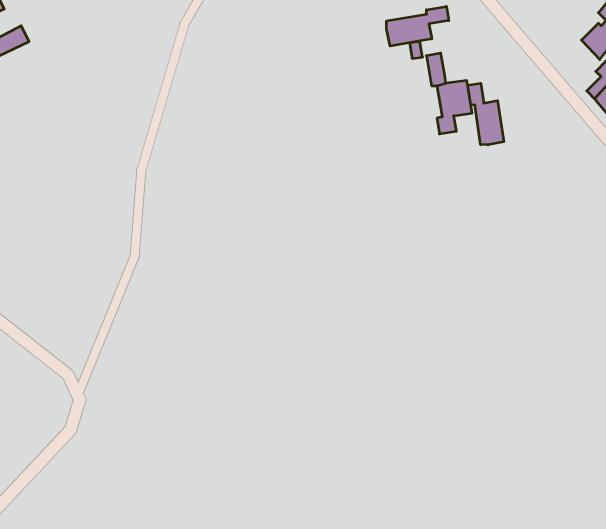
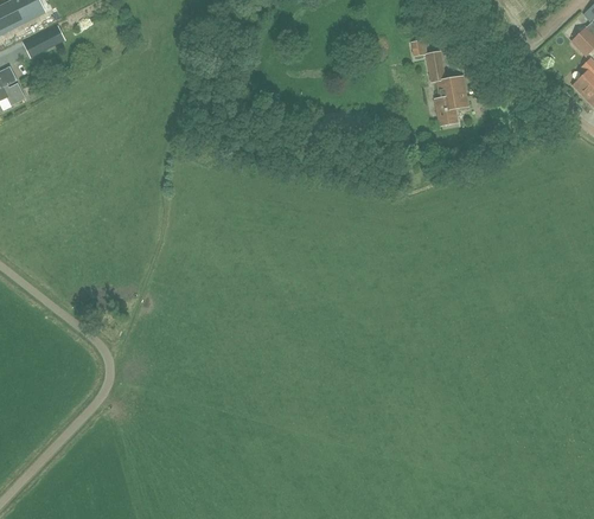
building: [386,6,449,46] -> none
building: [468,83,504,145] -> none

